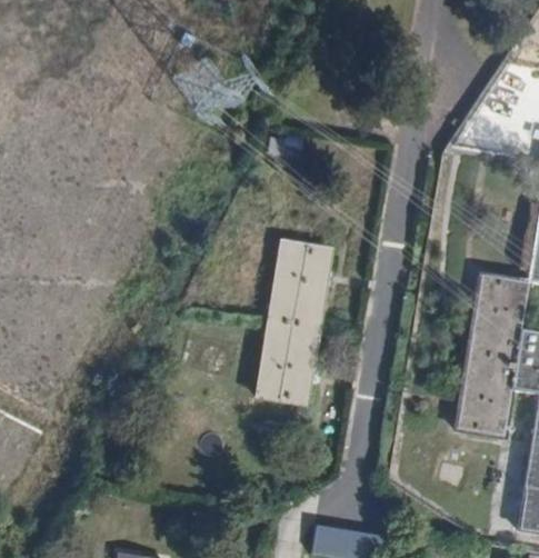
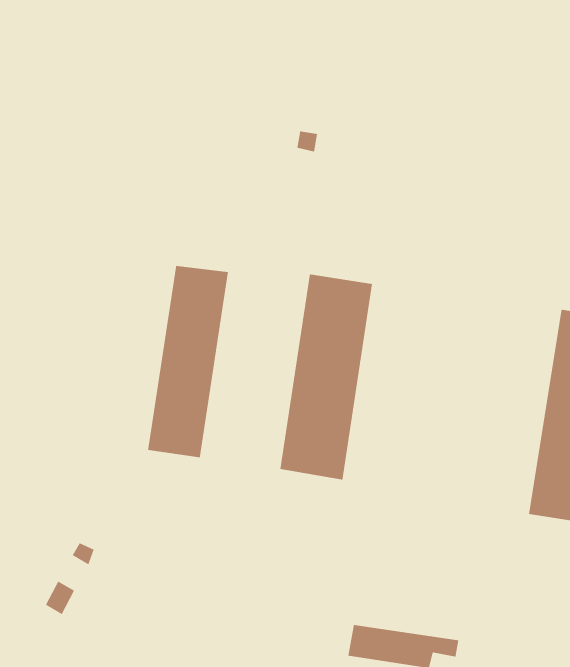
building: none -> [148,265,229,458]

